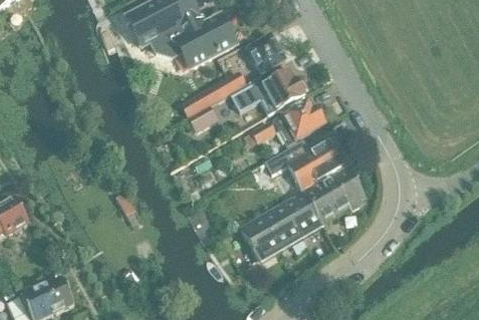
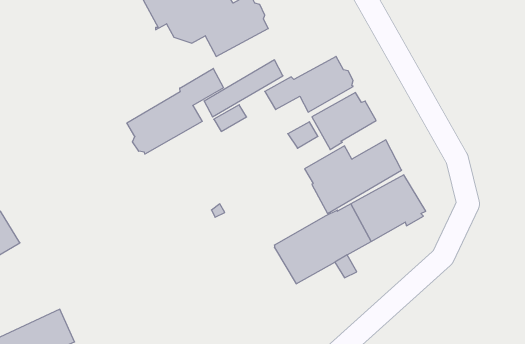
building: [246,34,284,72] -> none
building: none -> [127,68,223,154]

